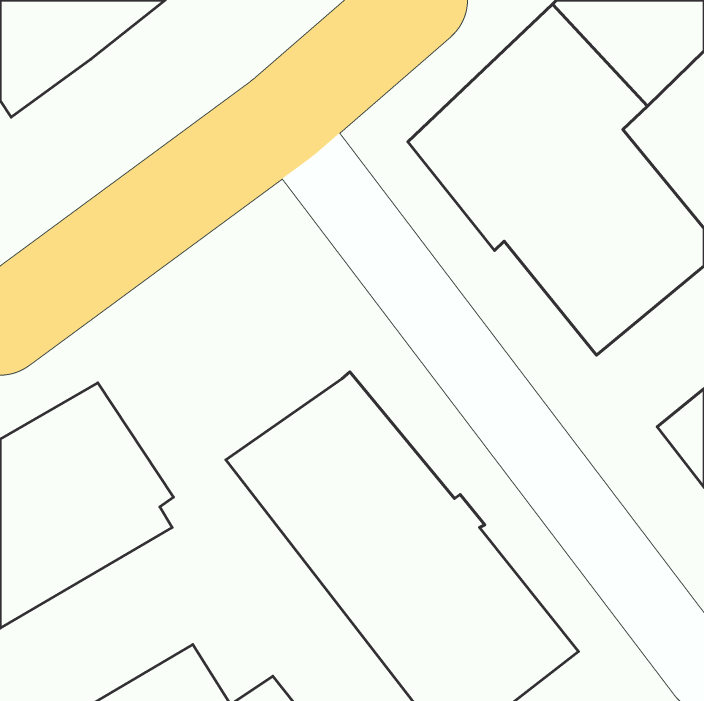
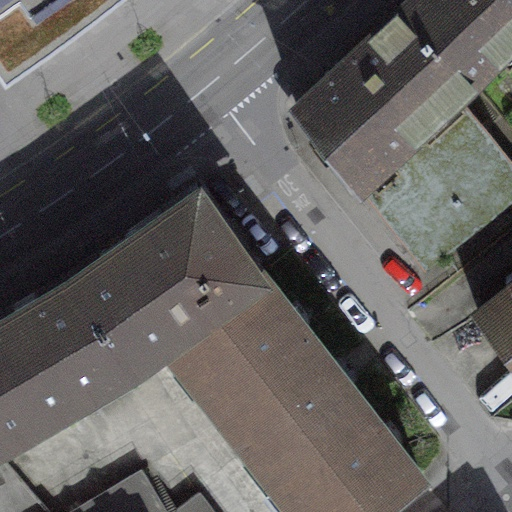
building: none -> [71,191,248,363]

